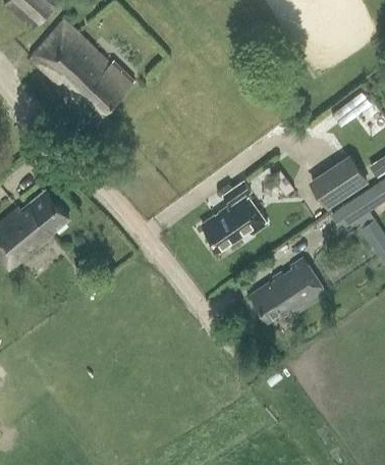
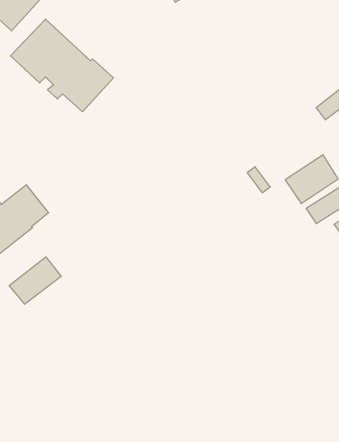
building: [201,183,265,251] -> none
building: [250,261,326,322] -> none
building: none -> [9,257,61,304]

